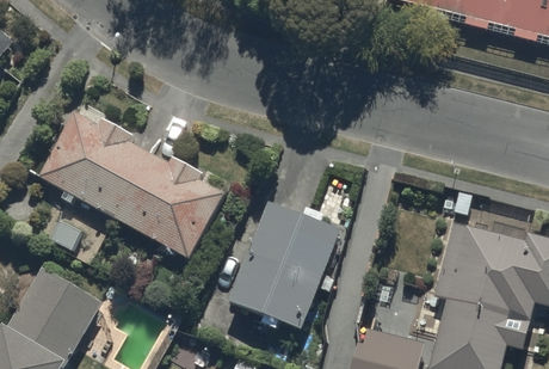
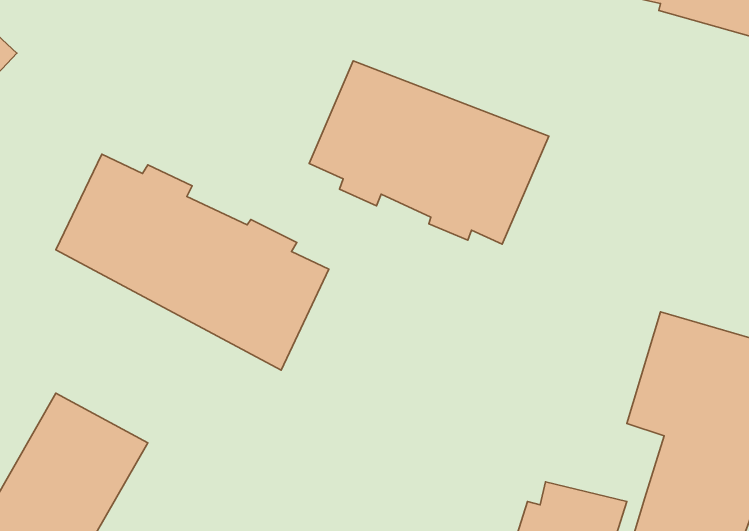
building: none -> [309,61,549,244]
building: [232,199,341,326] -> none

